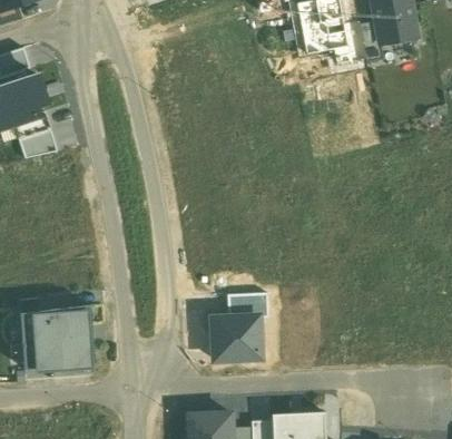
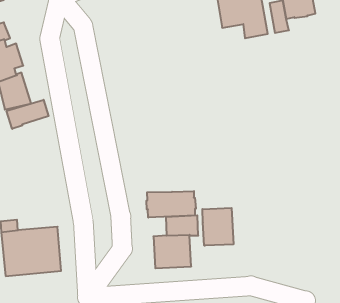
building: none -> [7,100,49,129]
building: none -> [146,191,196,218]
building: none -> [202,208,233,246]

